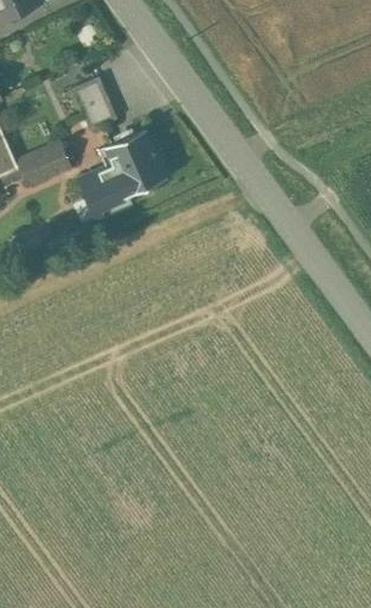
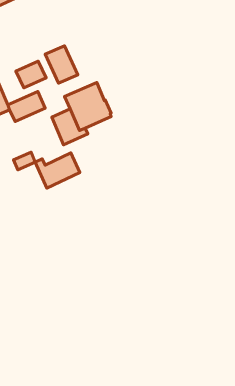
building: none -> [16,61,46,88]
building: none -> [35,153,80,188]

